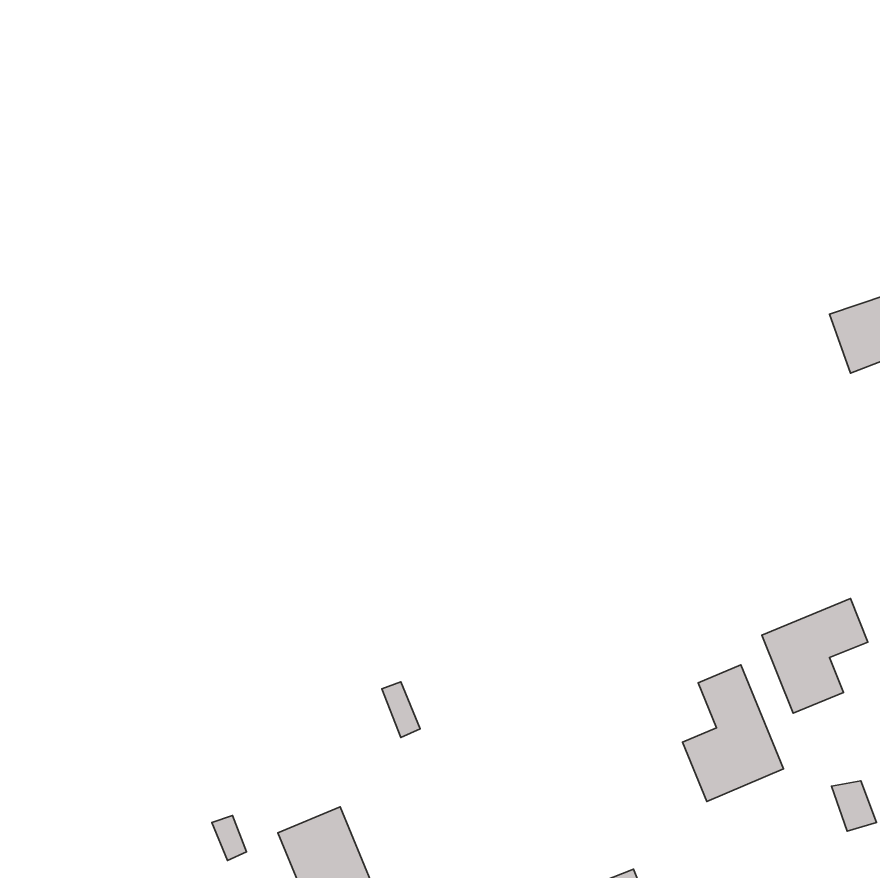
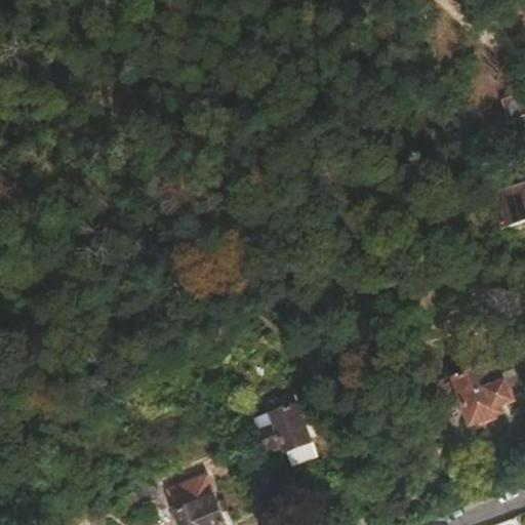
building: [683,665,784,801] -> none
building: none -> [258,409,310,456]

